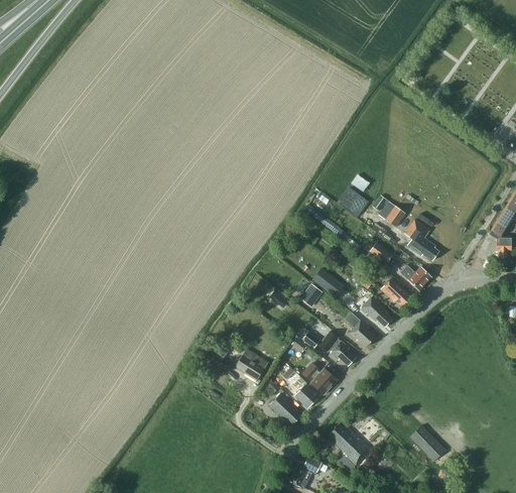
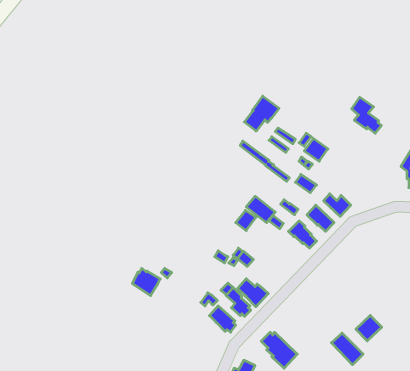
building: none -> [244,96,279,131]
building: [405,220,439,261] -> [352,97,381,133]
building: [345,313,376,347] -> none
building: [327,334,356,366] -> none
building: [236,350,268,381] -> [132,268,160,296]
building: none -> [356,315,382,341]

